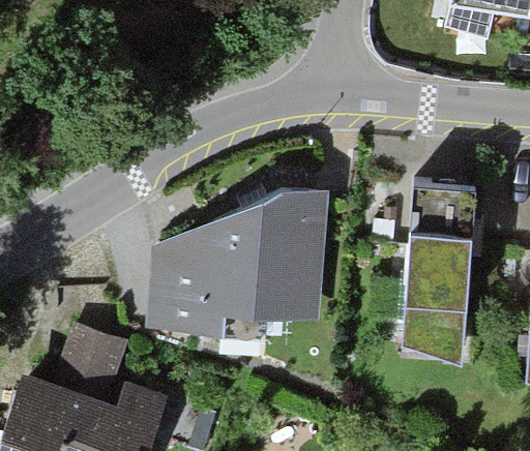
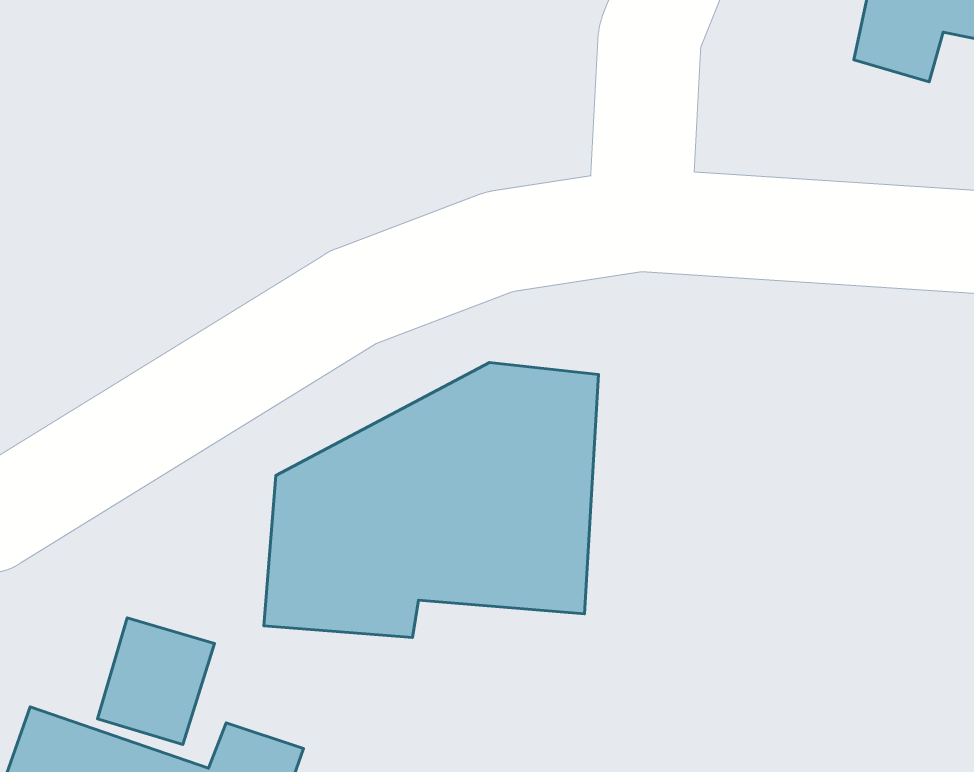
building: [402,179,475,380] -> none

